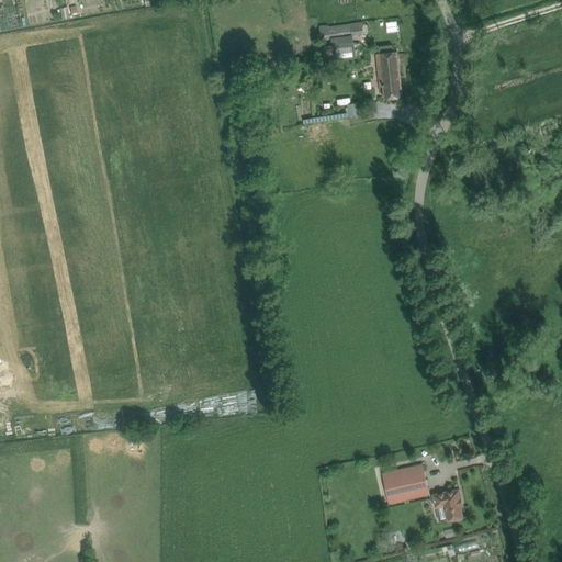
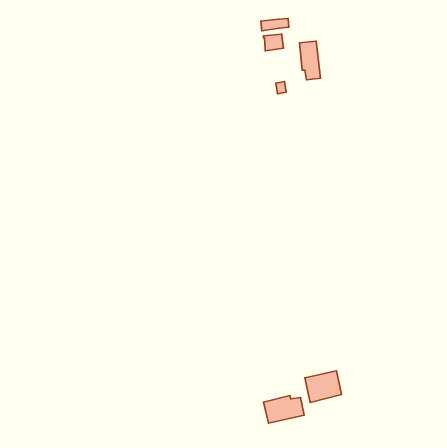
building: [431,490,461,520] -> none
building: none -> [264,396,304,423]

